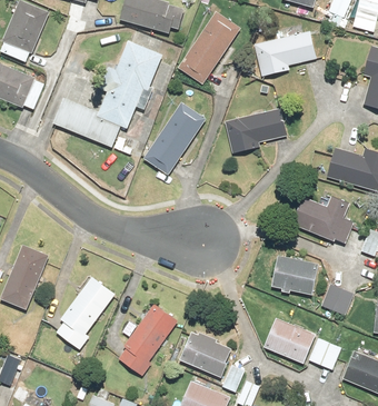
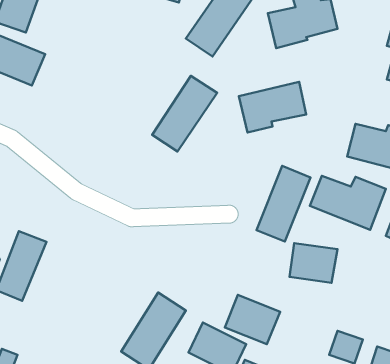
building: [53,42,161,148] -> none
building: none -> [256,166,310,242]
building: [57,277,116,349] -> none
building: [320,284,351,315] -> none
building: [263,318,315,364] -> [225,295,280,344]

